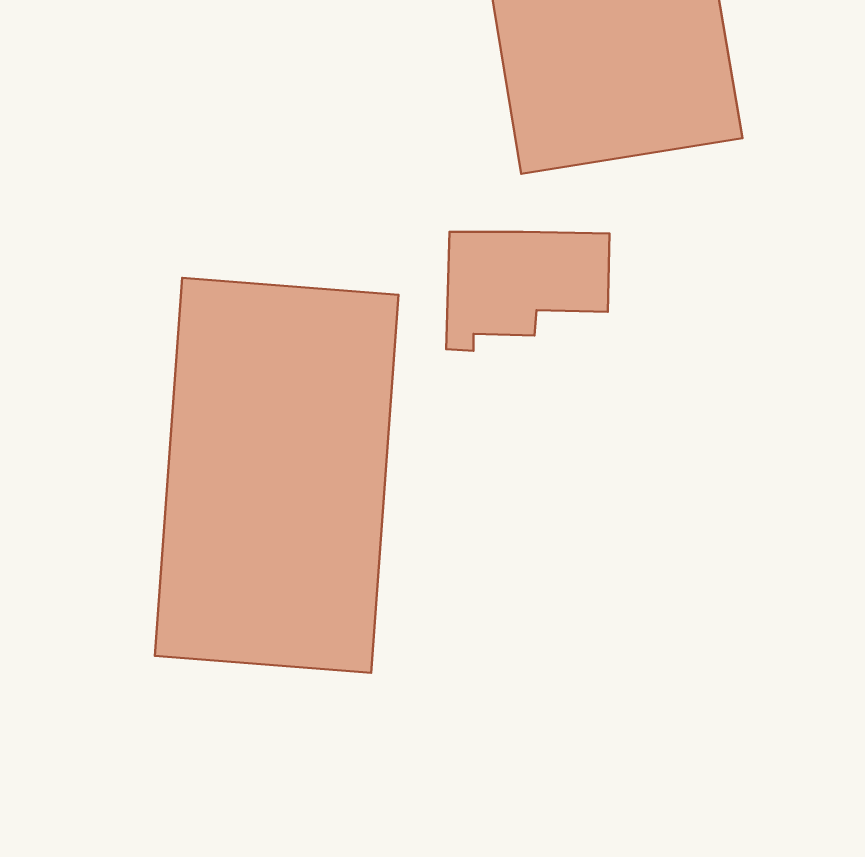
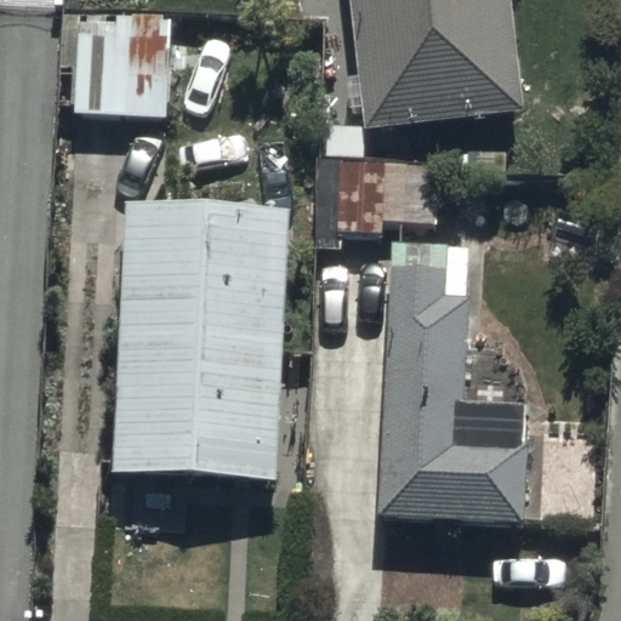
building: none -> [57,11,215,118]
building: none -> [381,247,531,519]

